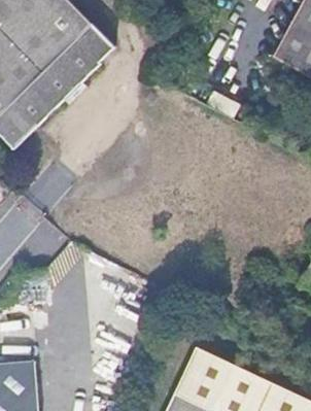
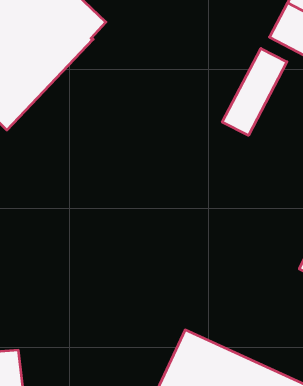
building: none -> [222,48,287,135]

